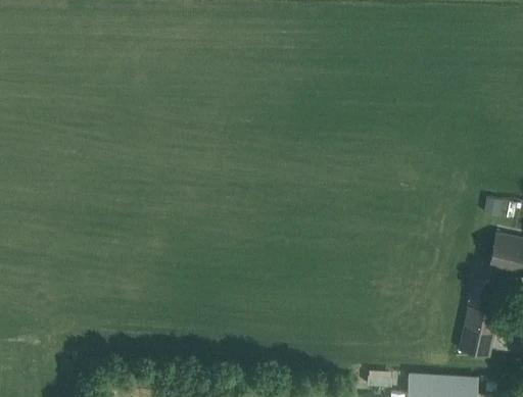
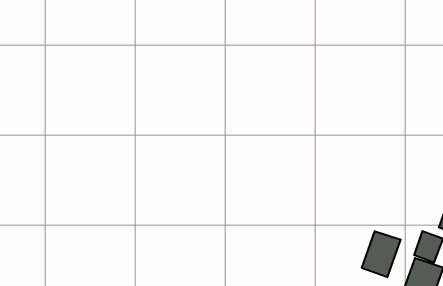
building: none -> [362,231,401,277]

